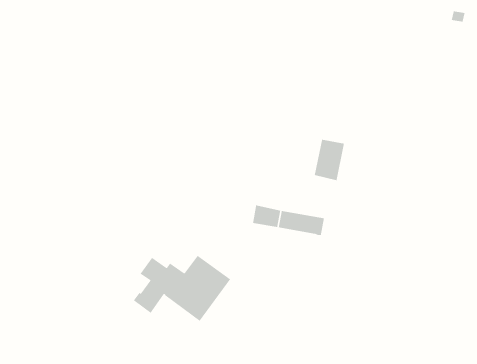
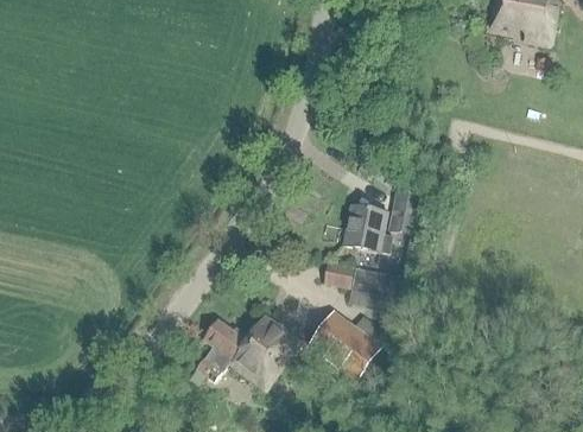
building: none -> [342,204,392,254]
building: none -> [308,312,379,381]

